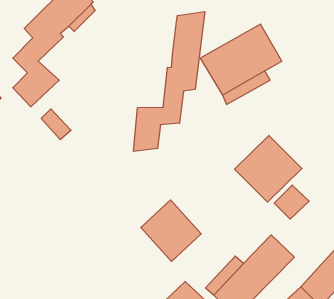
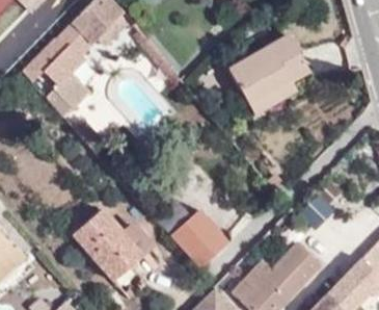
building: [133,12,205,151] -> none
building: [235,135,302,202] -> none
building: none -> [73,207,150,280]

